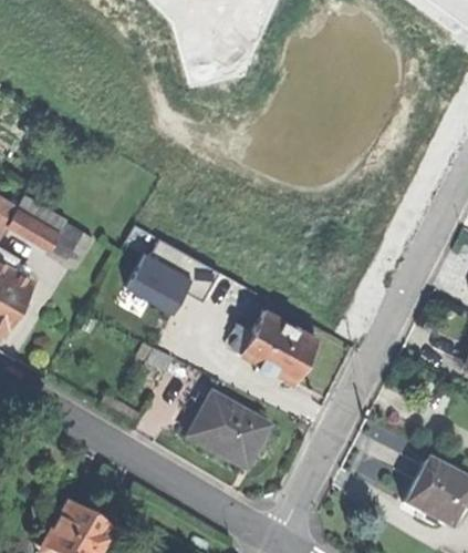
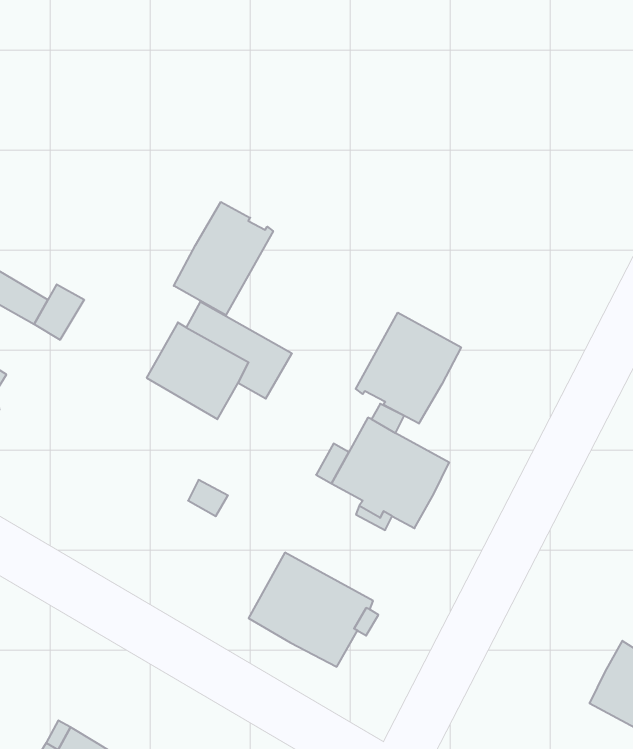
building: none -> [174,202,273,315]
building: none -> [356,313,461,424]

